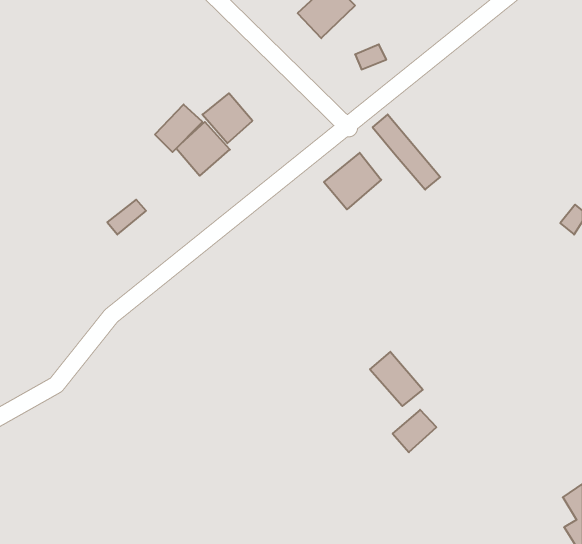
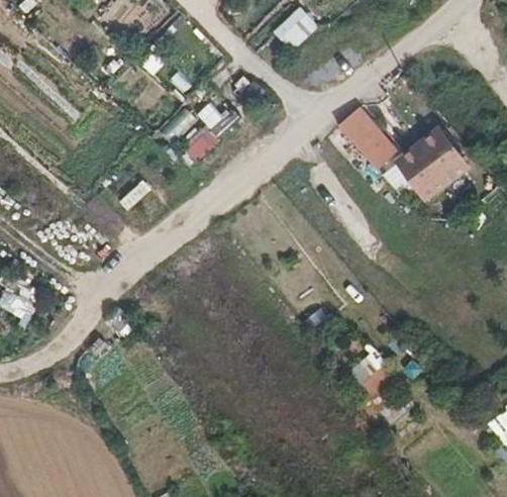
building: none -> [408,131,462,197]
building: [324,153,381,209] -> none
building: [370,352,423,406] -> none

